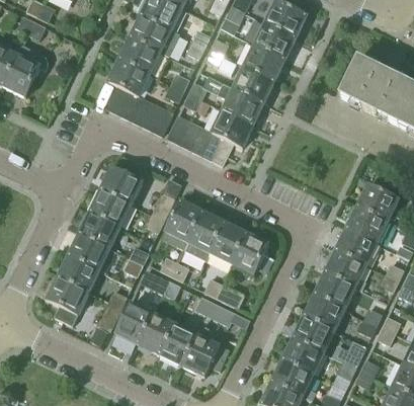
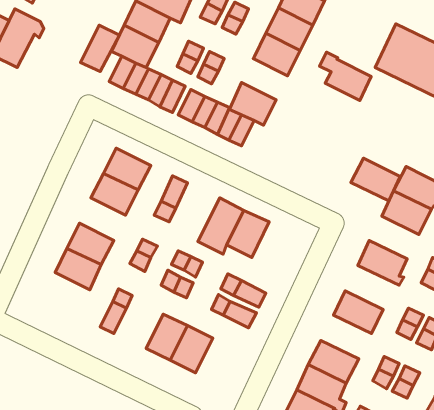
building: none -> [81,25,119,72]
building: [217,82,262,125] -> [319,52,371,101]
building: [161,200,202,249] -> none
building: [79,211,119,248] -> none
building: [334,227,378,264] -> [351,158,400,201]
building: [231,232,268,273] -> none
building: [313,270,360,311] -> none
building: [47,276,88,325] -> none
building: [115,302,153,343] -> none
building: [292,314,336,352] -> none
building: [181,325,228,376] -> none

